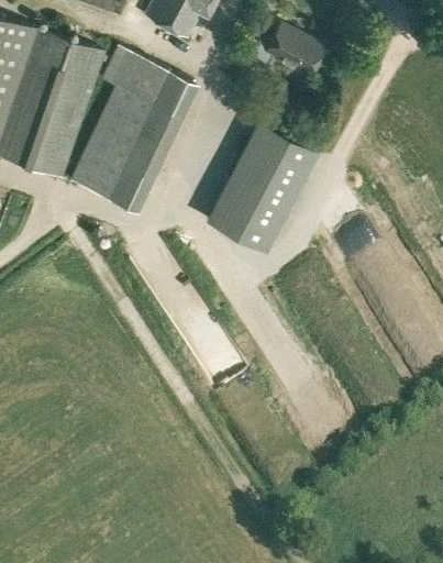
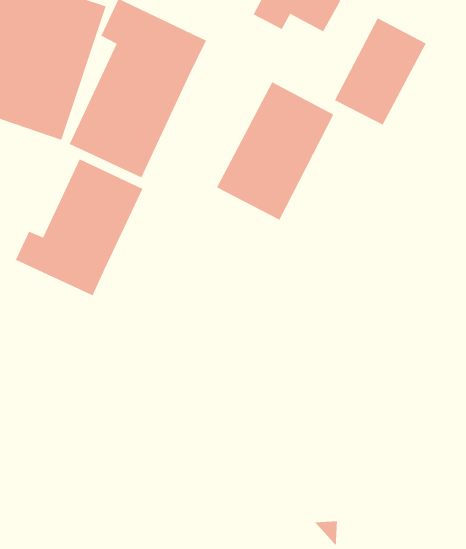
building: none -> [334,18,427,125]
building: none -> [15,159,143,296]

